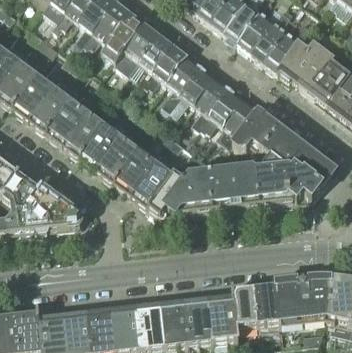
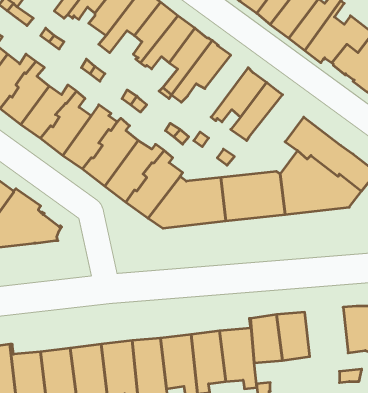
building: [191,75,230,127] -> none
building: [231,107,275,146] -> none
building: [276,279,311,319] -> none

